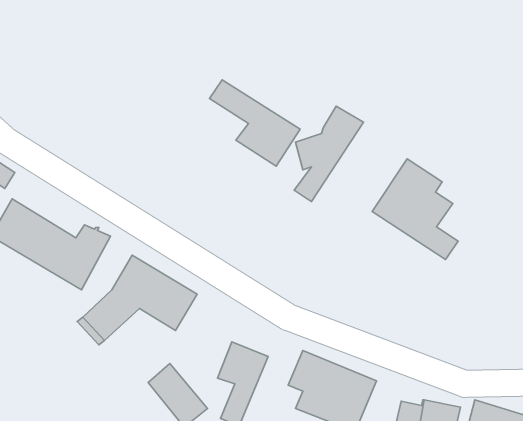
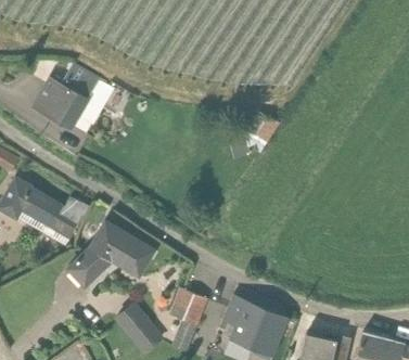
building: none -> [33,62,113,127]
building: [209,80,300,166] -> none
building: [372,159,458,259] -> none

